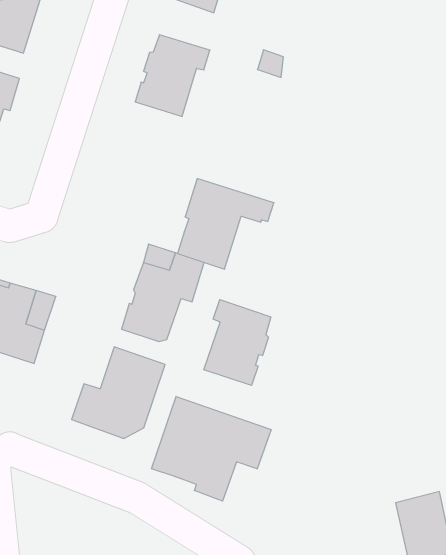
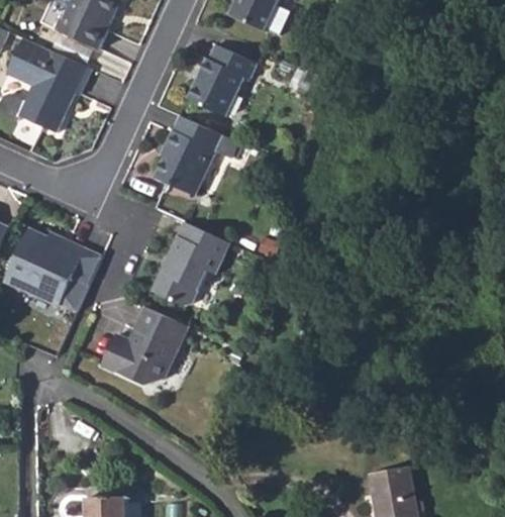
building: [178,179,274,269] -> [155,115,241,195]
building: [204,300,271,385] -> none
building: [152,396,271,501] -> none

